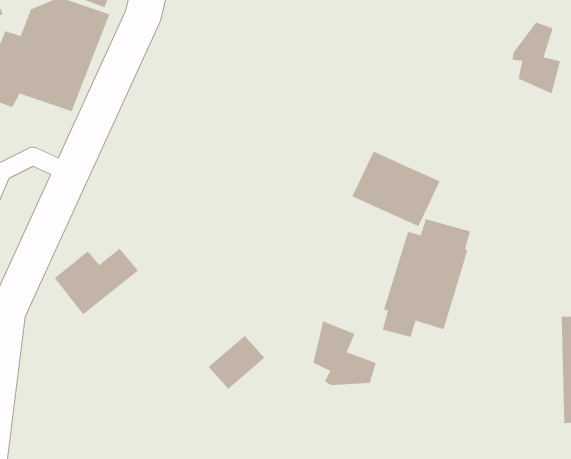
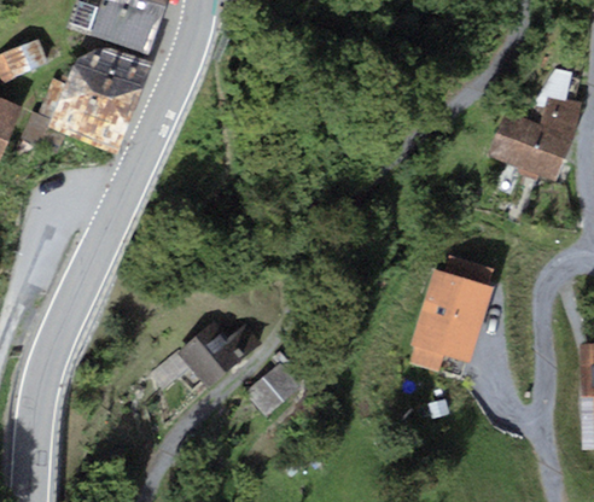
building: [352,151,440,227] -> [488,107,572,180]
building: [54,248,139,315] -> [177,325,258,389]
building: [313,320,377,386] -> none

